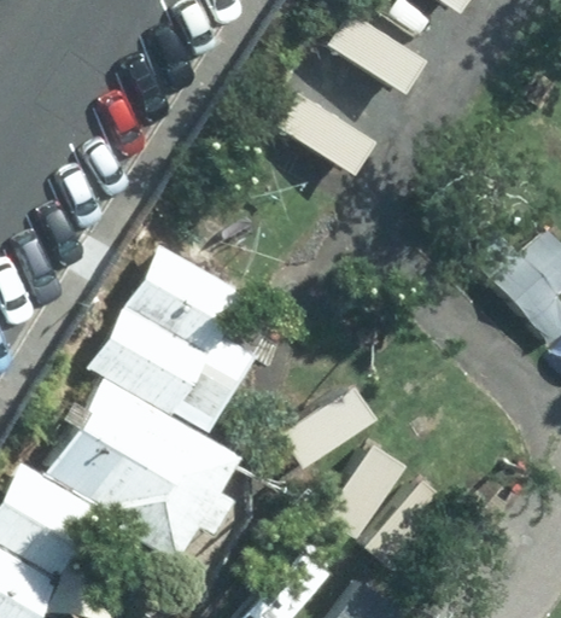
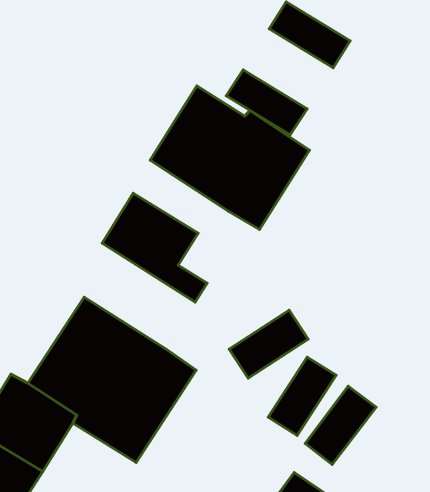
building: none -> [150,86,310,229]
building: [93,305,241,433] -> none

